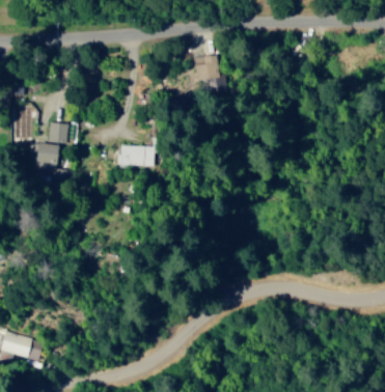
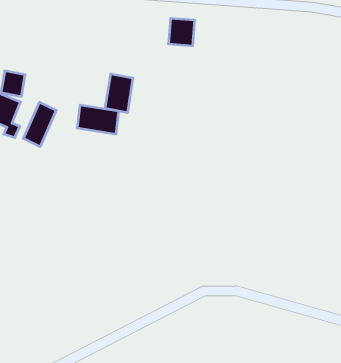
building: none -> [105,74,133,113]
building: none -> [23,102,56,147]

